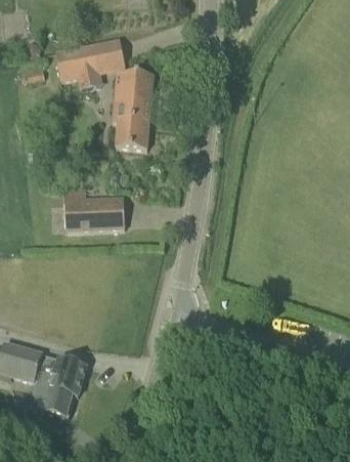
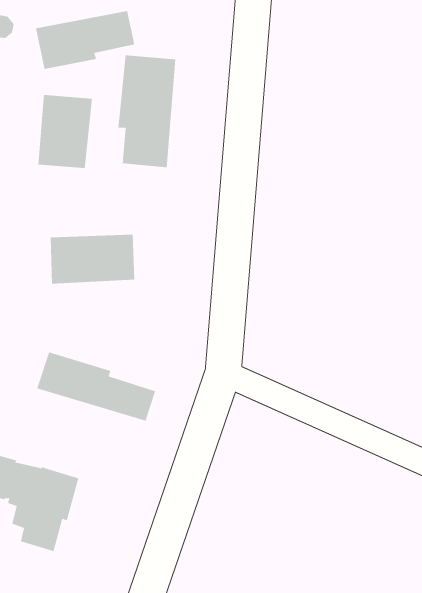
building: none -> [38,94,93,169]
building: none -> [36,351,156,422]

